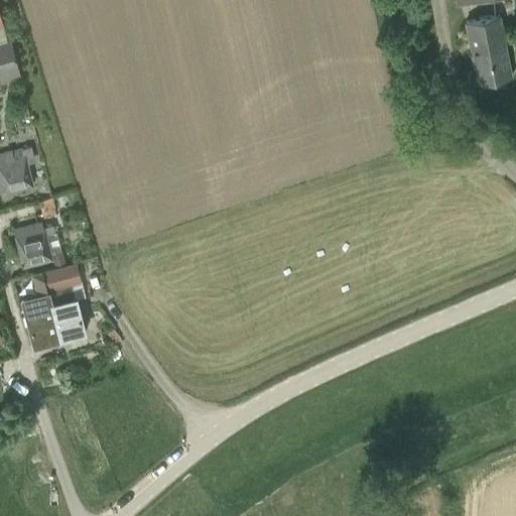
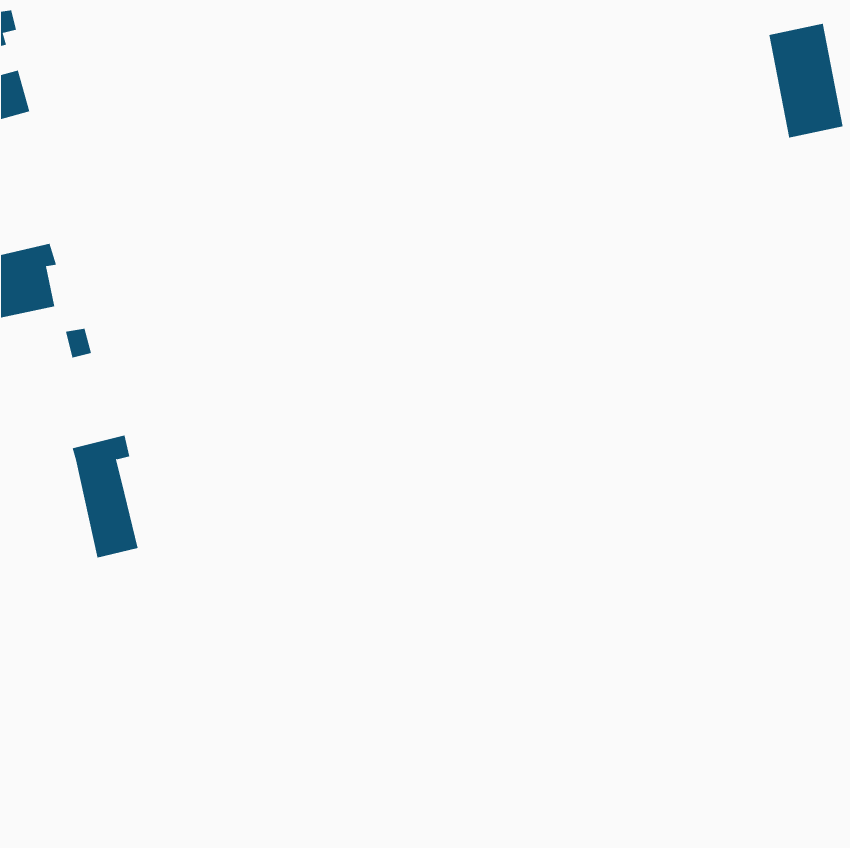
building: [15,225,54,266] -> none
building: [23,273,59,346] -> none

